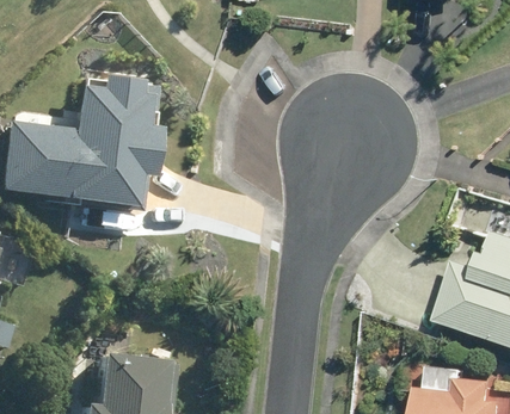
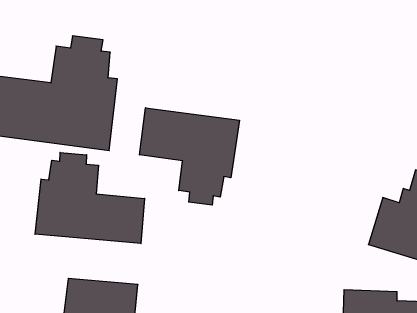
building: none -> [140,108,239,205]
building: none -> [35,152,145,244]

